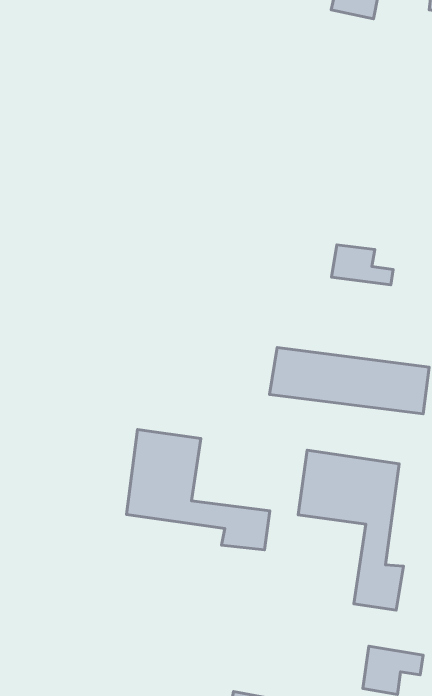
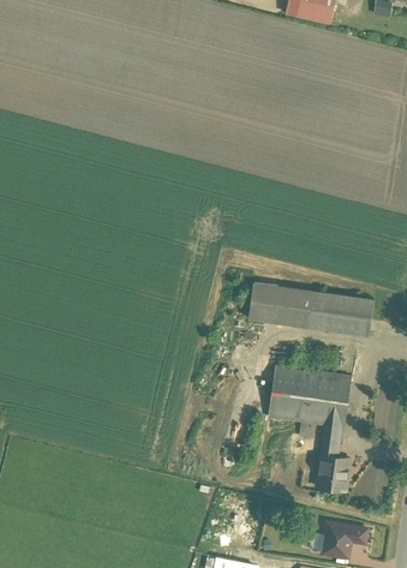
building: [332,245,393,285] -> none
building: [126,430,270,550] -> none

